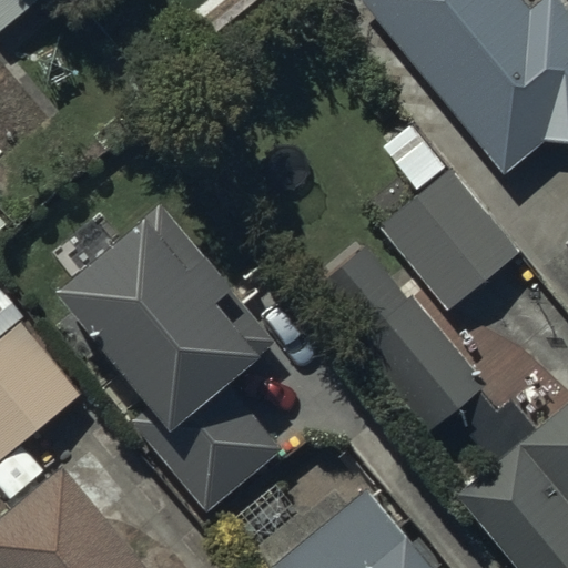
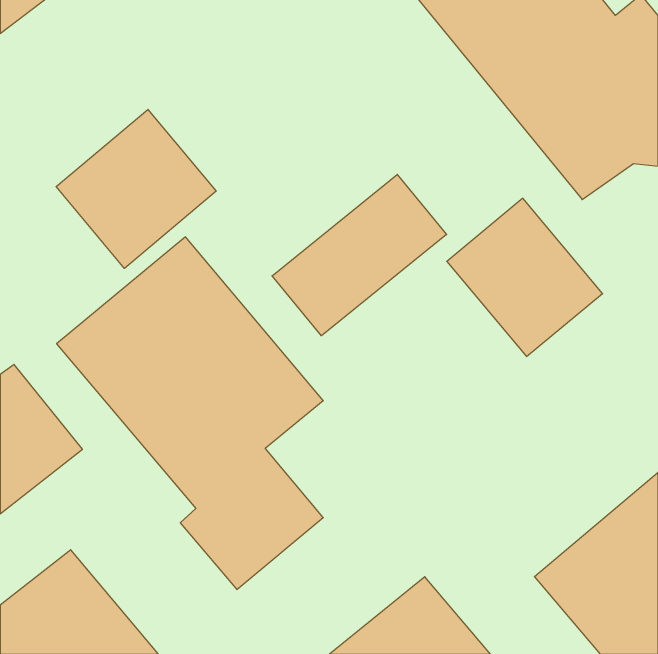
building: none -> [56,109,216,268]
building: none -> [272,174,447,336]
building: [312,248,484,435] -> none

